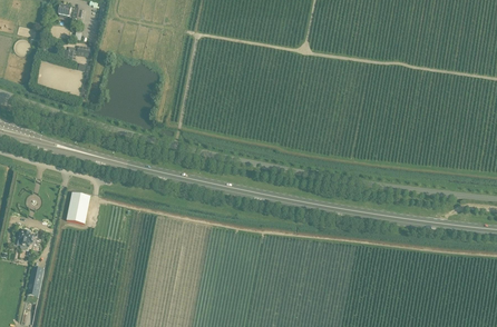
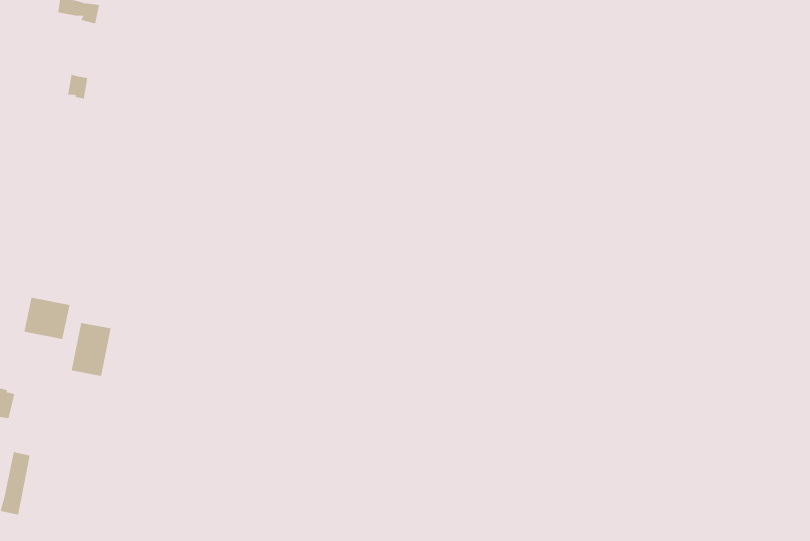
building: none -> [24,297,70,340]

